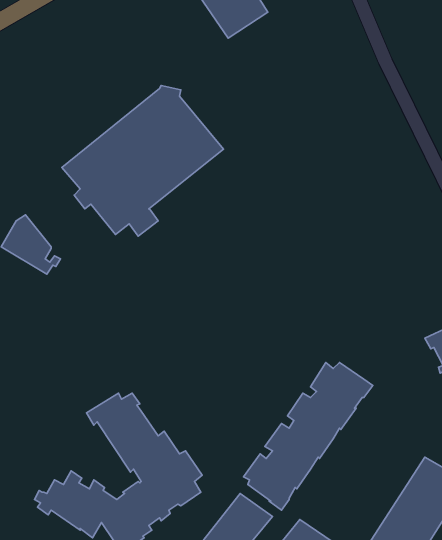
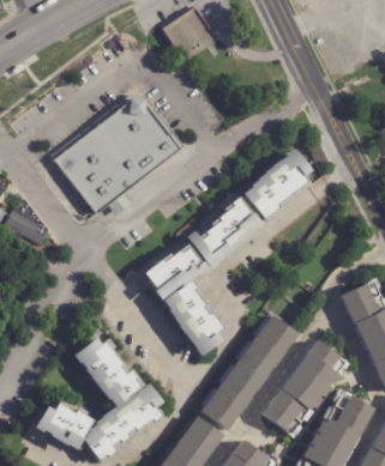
building: none -> [142,147,311,359]
building: none -> [259,340,345,434]

